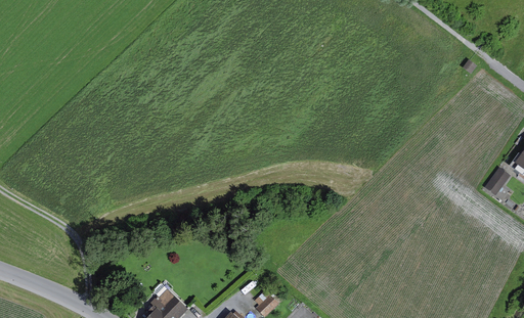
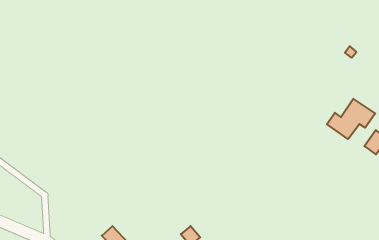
building: none -> [327,99,375,139]

